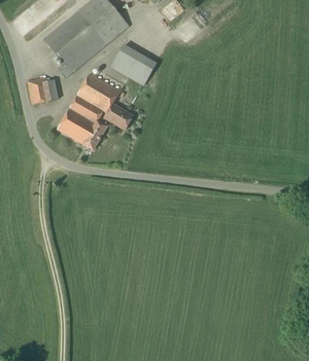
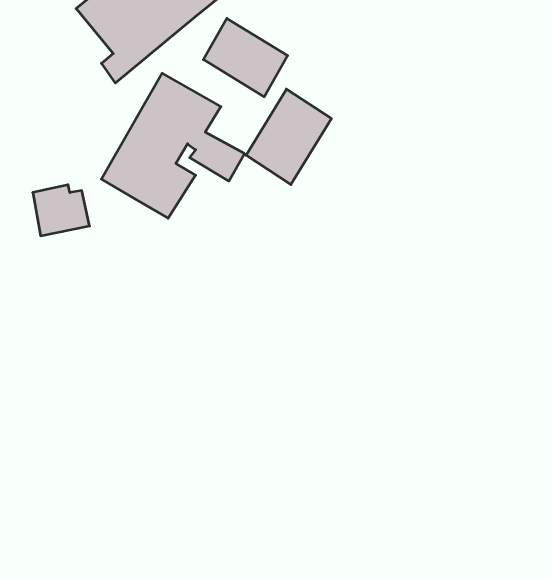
building: [28,76,58,103] -> [33,185,90,236]
building: none -> [246,89,331,185]

